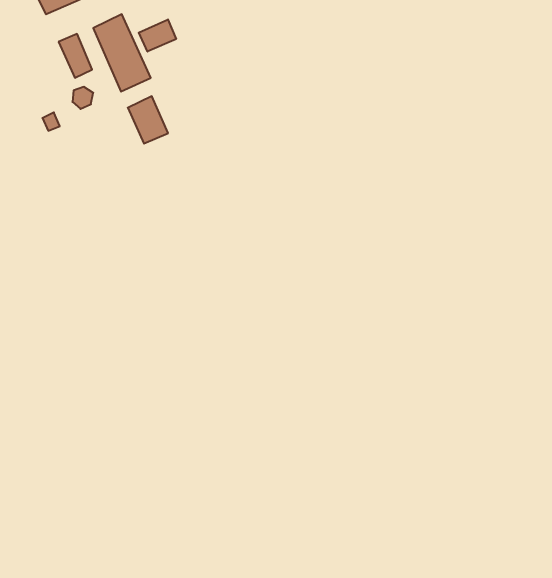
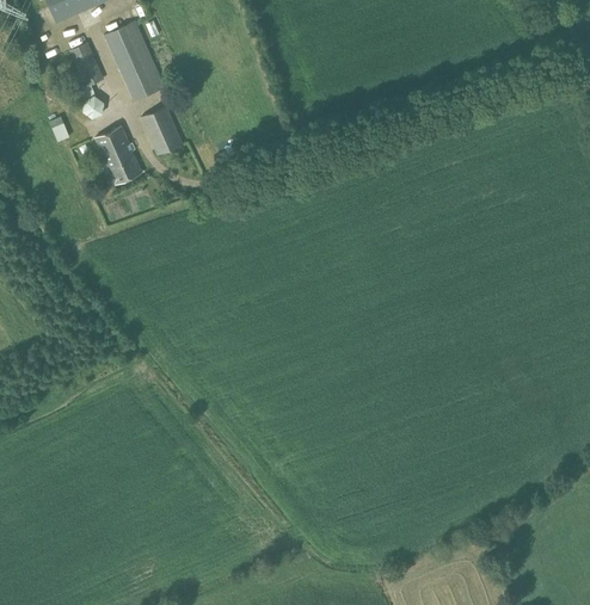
building: [139,19,176,52] -> none
building: none -> [94,125,142,186]

